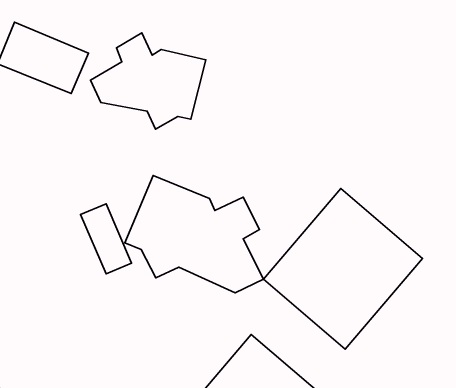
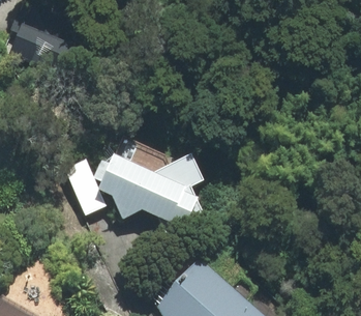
building: [90,33,206,129] -> none
building: [263,189,423,349] -> none

